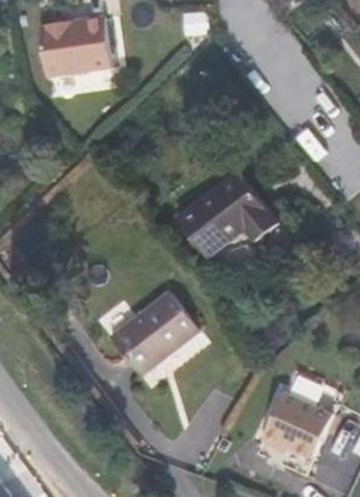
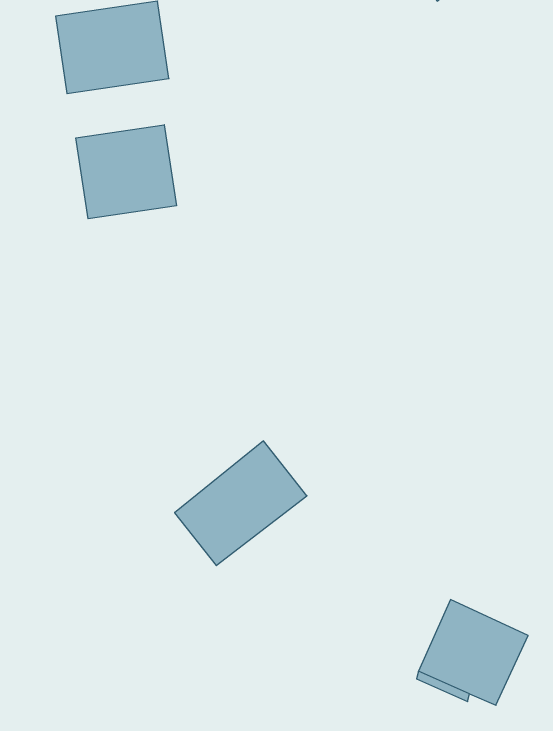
building: none -> [76,125,176,219]
building: [179,176,277,260] -> none

